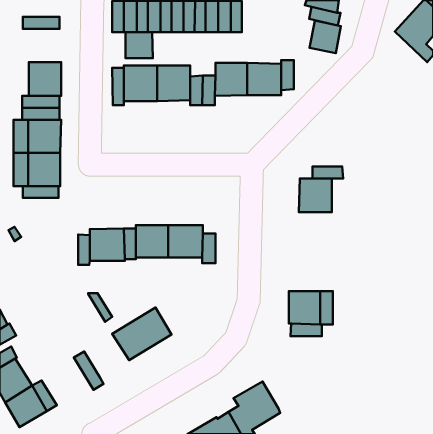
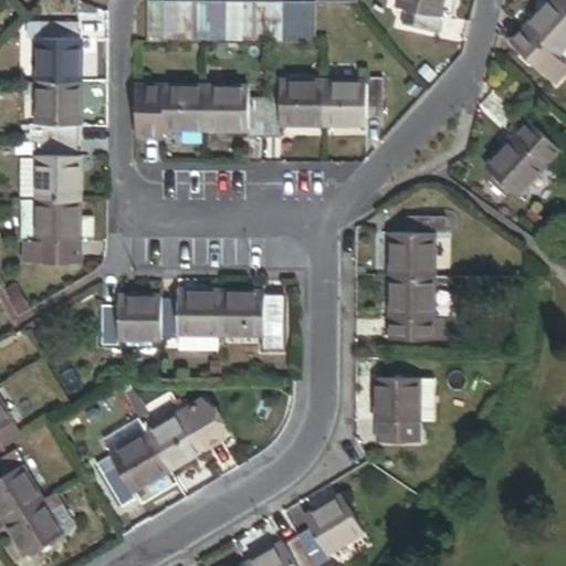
building: [309,21,341,53] -> none
building: none -> [38,38,80,81]
building: [126,32,153,58] -> none
building: none -> [485,117,559,197]
building: none -> [389,276,449,338]
building: none -> [109,434,168,492]

